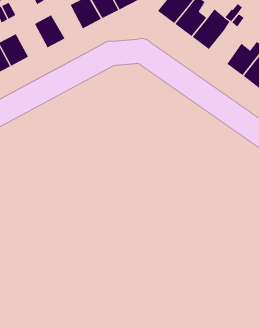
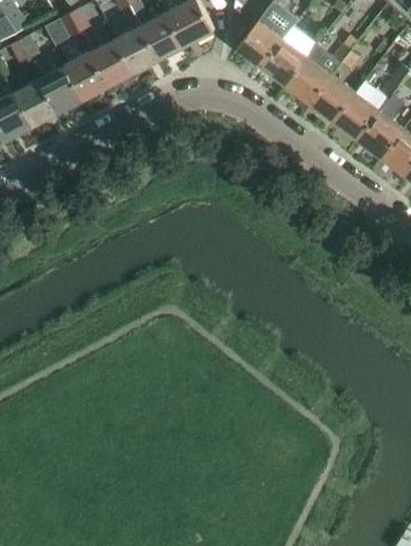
building: none -> [89,39,132,86]
building: none -> [39,66,82,112]
building: none -> [309,75,354,121]

